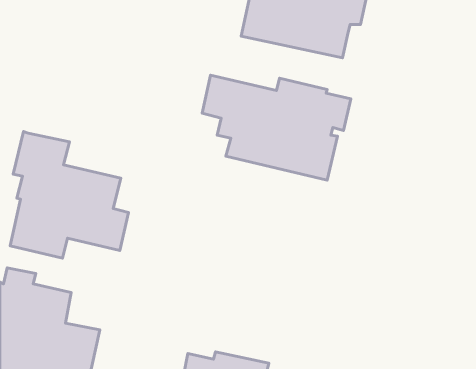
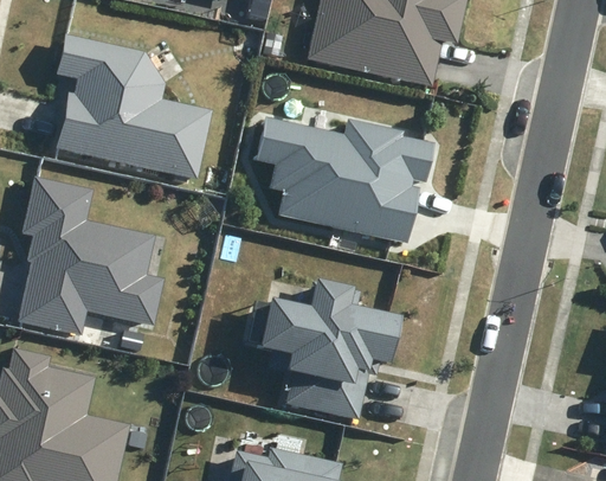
building: none -> [53,36,211,181]
building: none -> [269,277,406,417]

